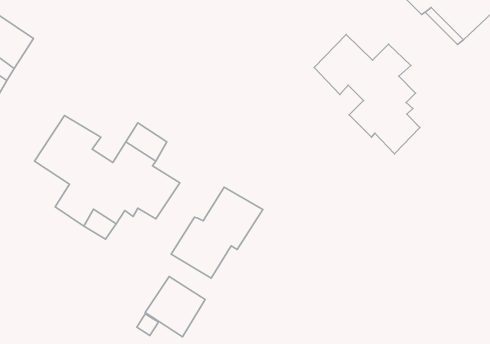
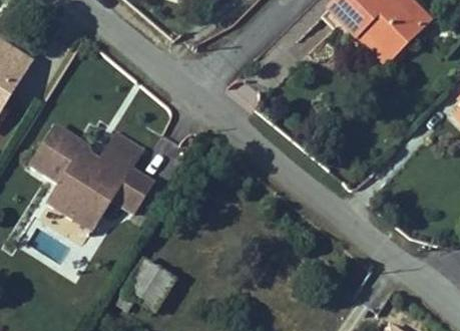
building: [314,35,420,154] -> none
building: [171,187,263,278] -> none

